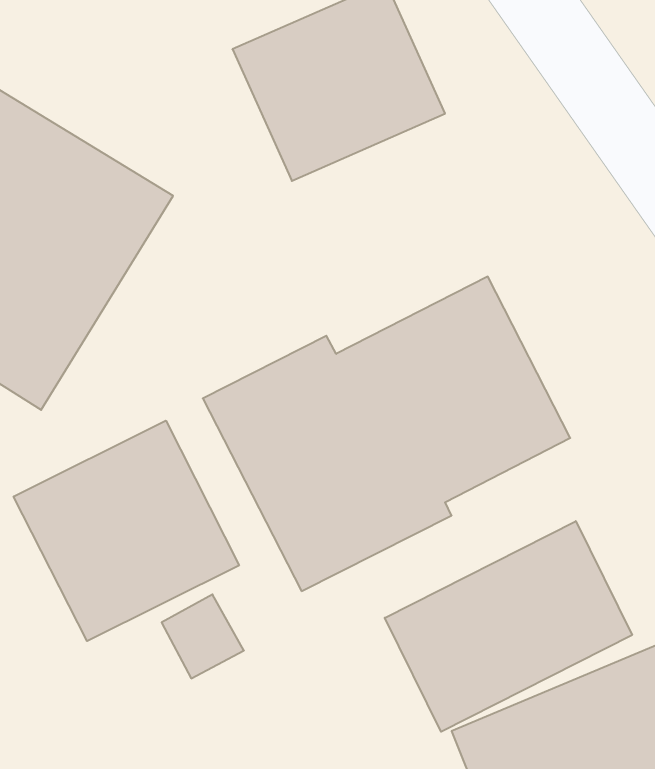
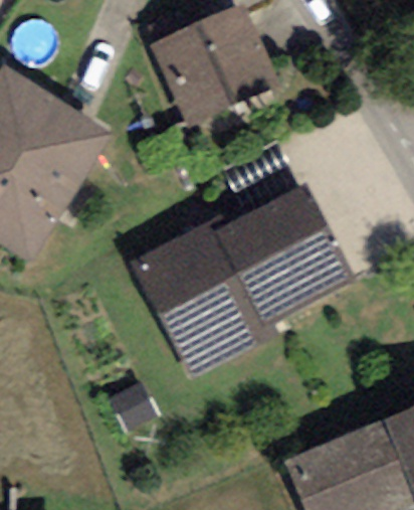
building: [14,421,239,641] -> none
building: [385,521,632,732] -> none

